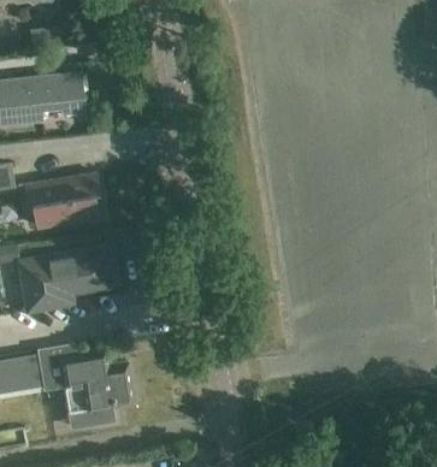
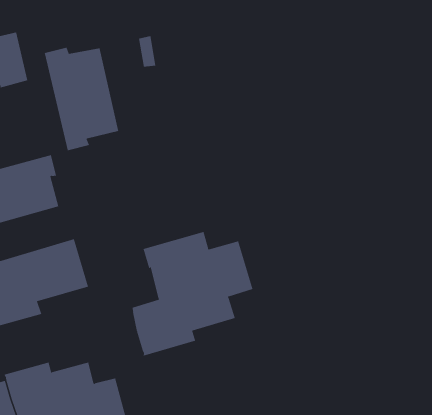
building: none -> [44,47,119,151]
building: none -> [132,231,253,356]

